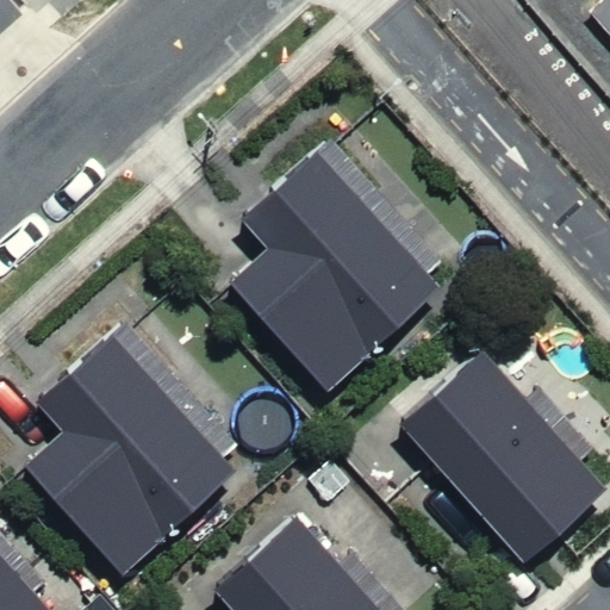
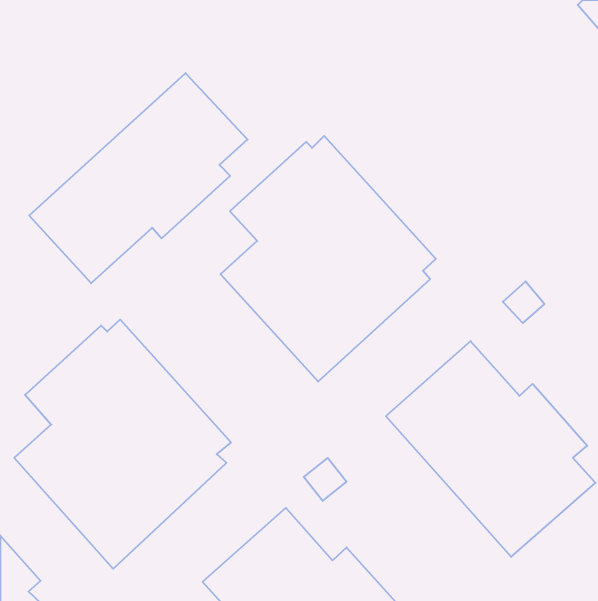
building: none -> [29,73,248,283]

